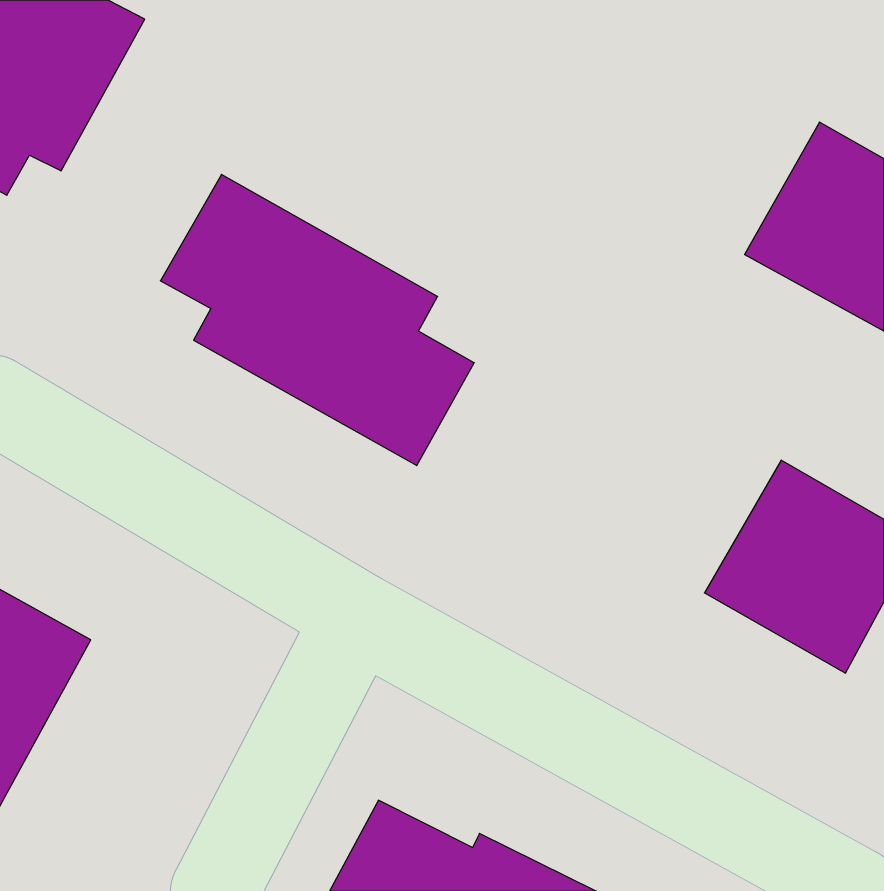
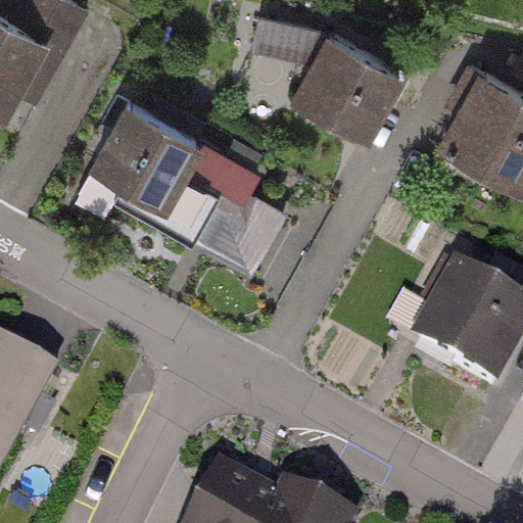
building: none -> [251,17,406,141]

